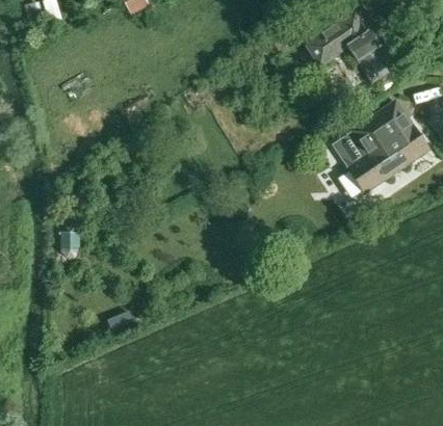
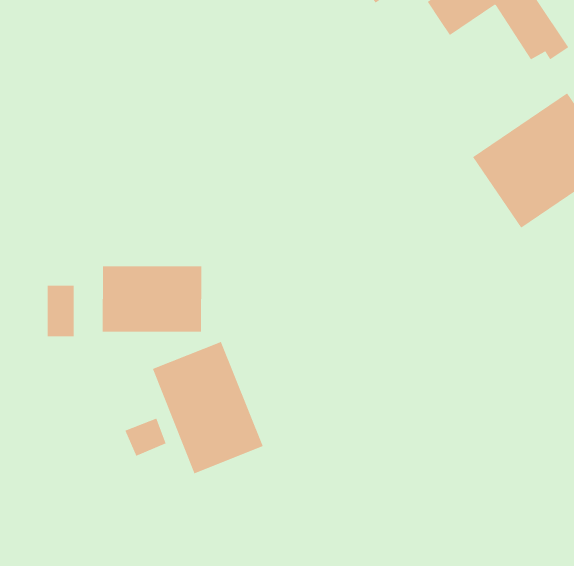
building: none -> [102,265,202,332]
building: none -> [152,341,263,474]

